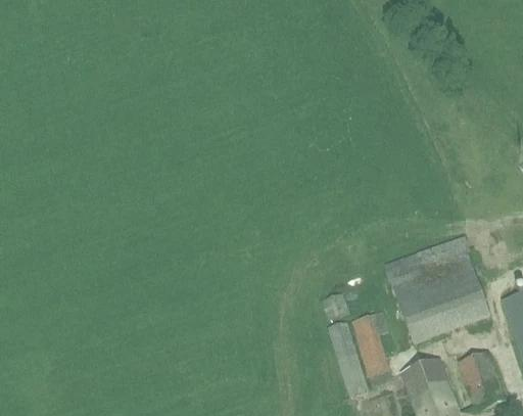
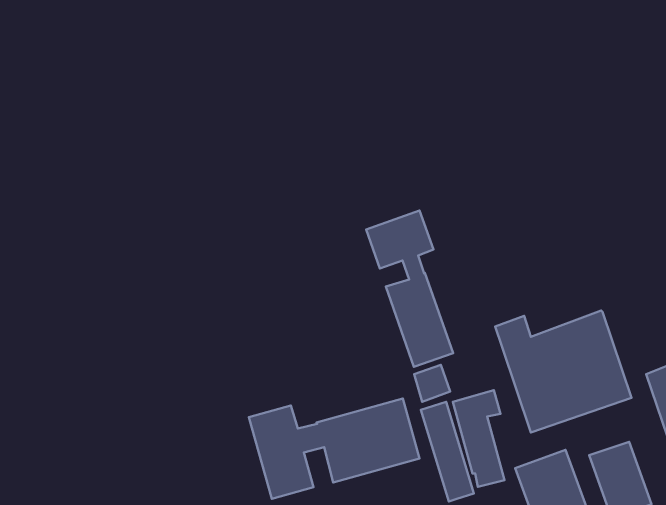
building: none -> [366,211,453,367]
building: none -> [249,399,419,499]

